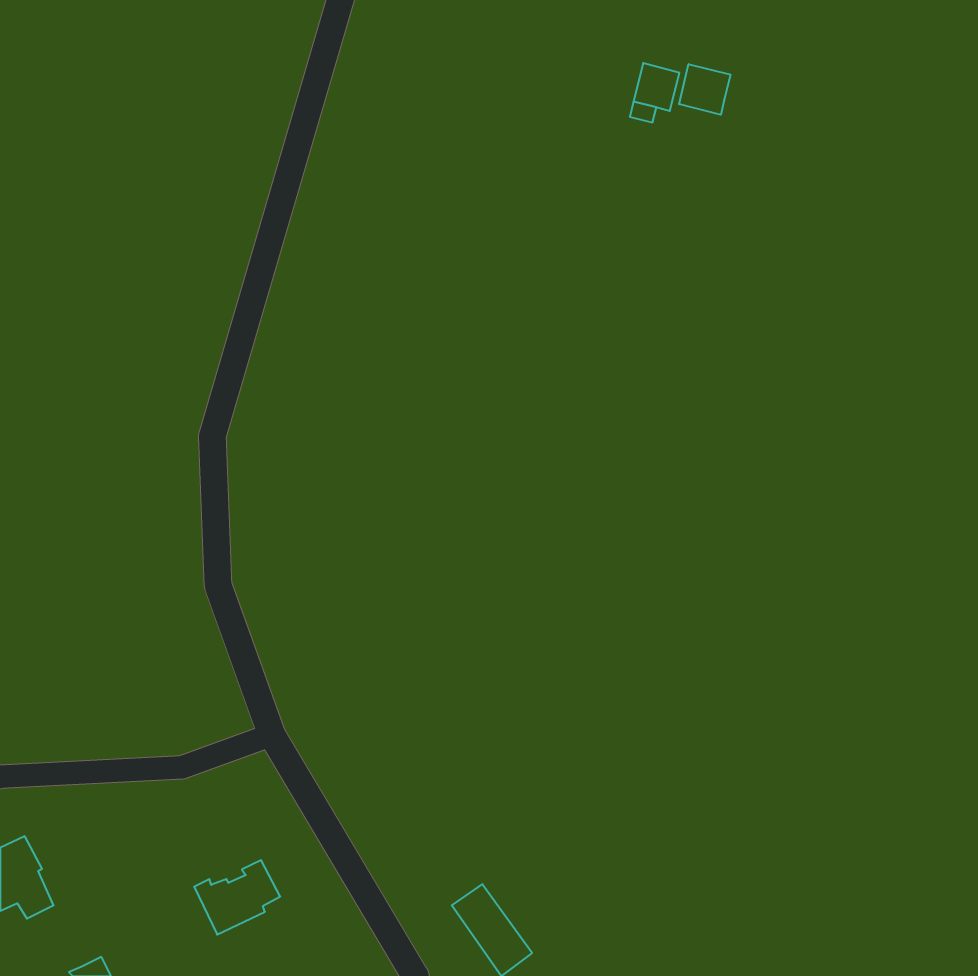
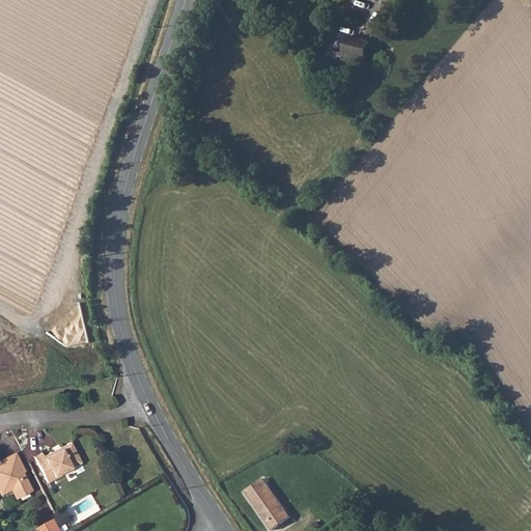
building: [679,64,730,115] -> none
building: [194,860,280,935] -> [32,442,79,482]

